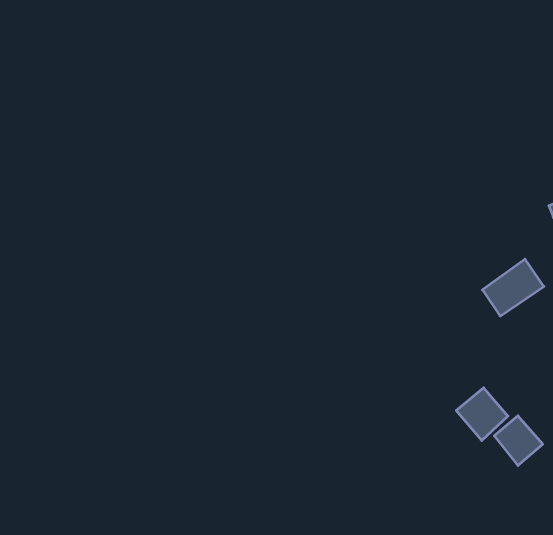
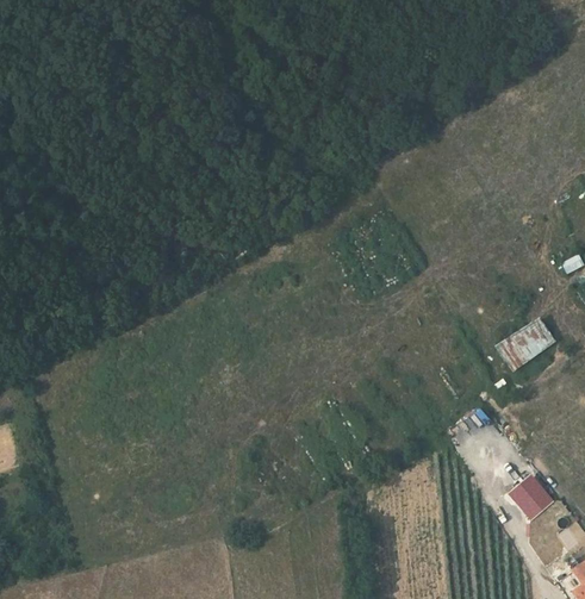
building: [456,388,508,441] -> none

